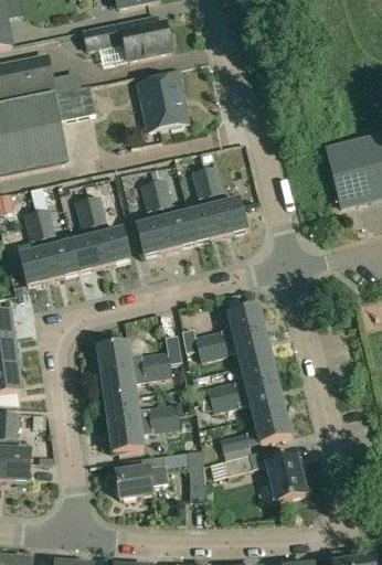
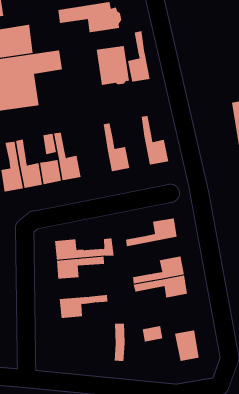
building: [188,169,221,239] -> [127,31,151,82]
building: [137,182,170,253] -> none
building: [197,329,272,362] -> none
building: [106,392,176,423] -> none
building: [220,405,290,448] -> none
building: [116,451,169,495] -> none

